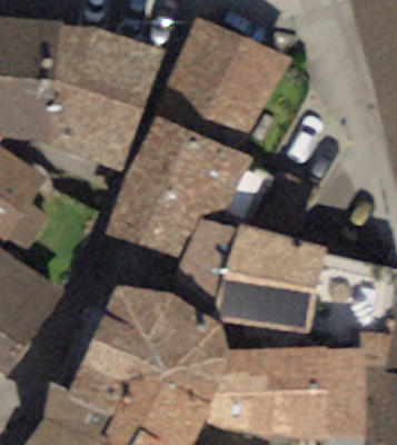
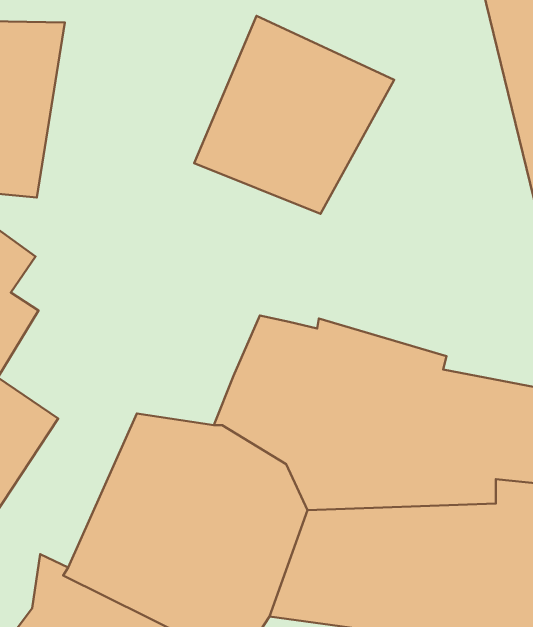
building: [47,21,165,169] -> none
building: [103,117,252,261] -> none

